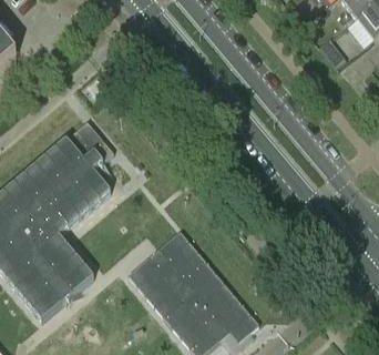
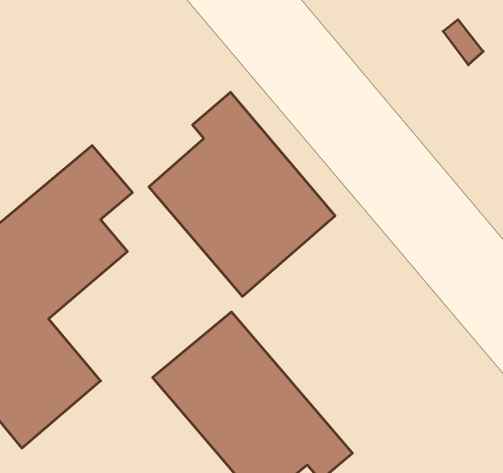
building: none -> [149,92,335,296]

